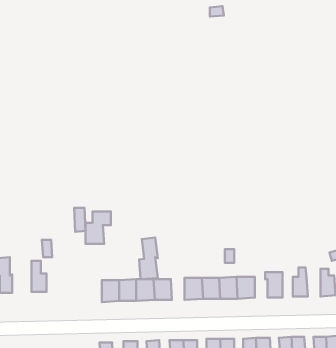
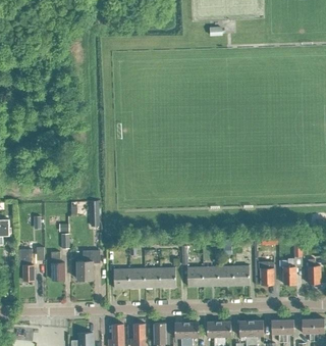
building: [86,211,111,244] -> [77,251,100,280]
building: [139,237,158,279] -> none

